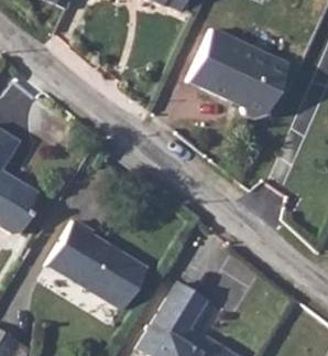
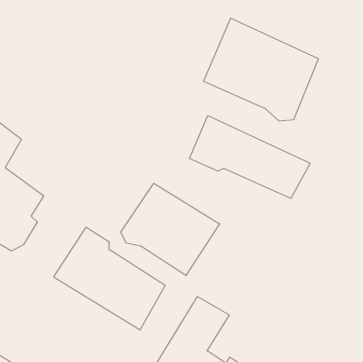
building: none -> [190,116,310,198]
building: none -> [121,183,220,276]

